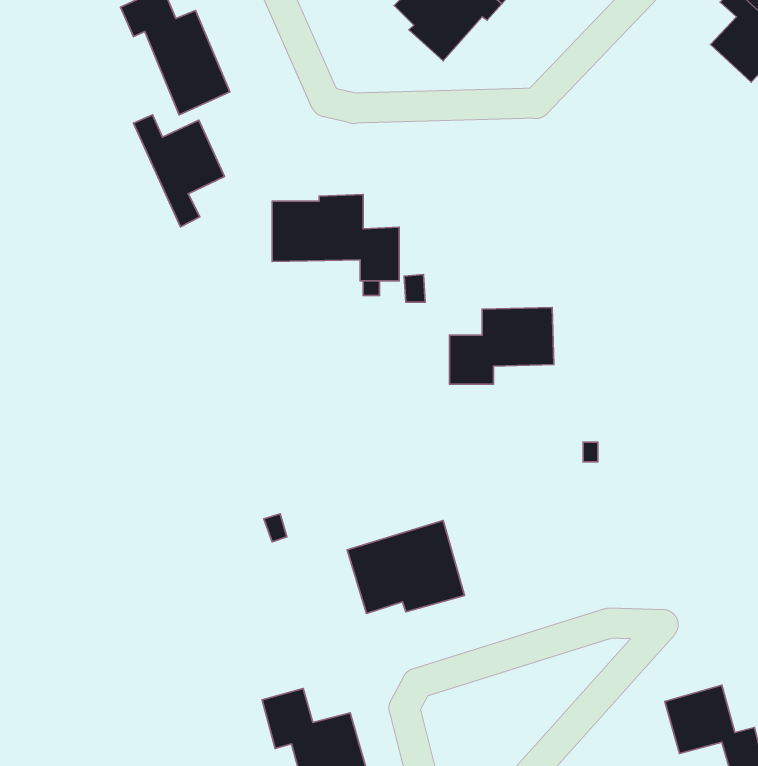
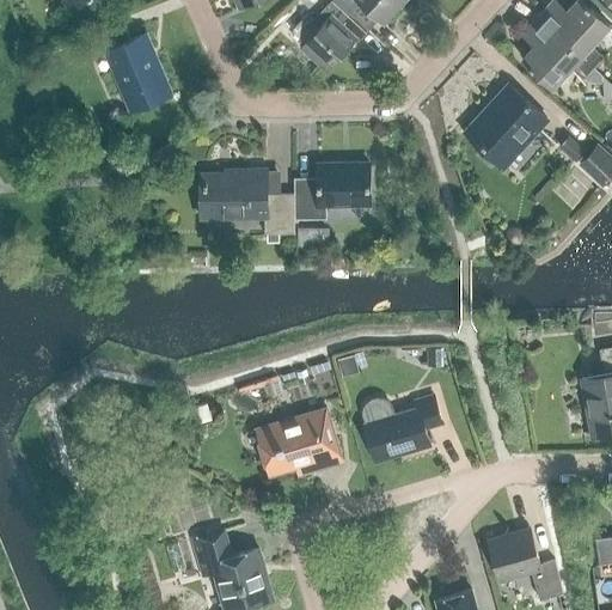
building: none -> [475,84,547,163]
building: [134,115,225,227] -> none
building: [450,308,554,384] -> [294,163,371,219]
building: none -> [365,396,442,456]

